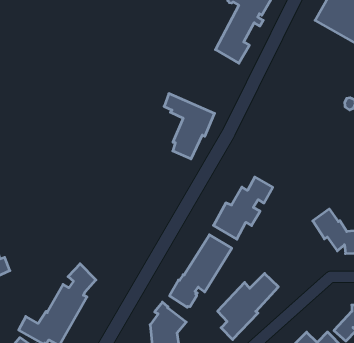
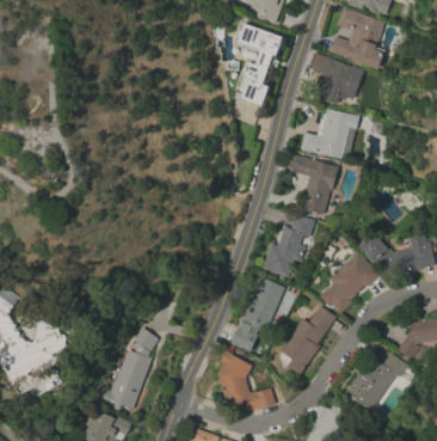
building: none -> [310,53,364,106]
building: none -> [301,110,359,159]
building: [164,94,215,159] -> [289,154,339,214]
building: none -> [320,251,380,313]

